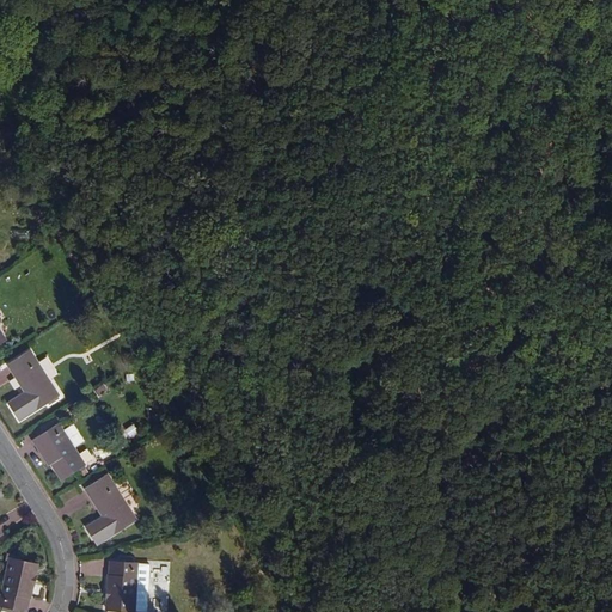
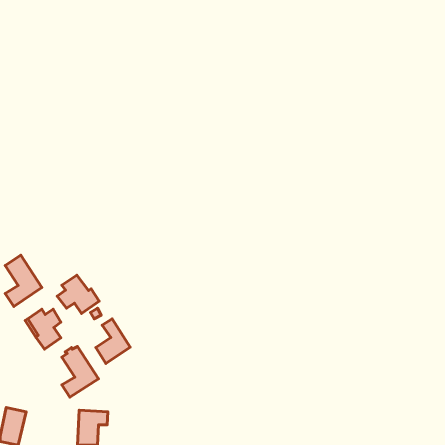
building: none -> [57,275,99,313]
building: none -> [96,319,130,363]

